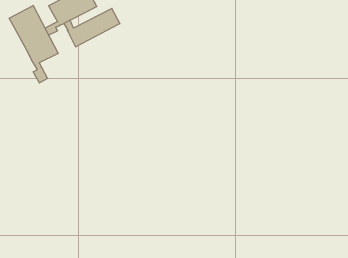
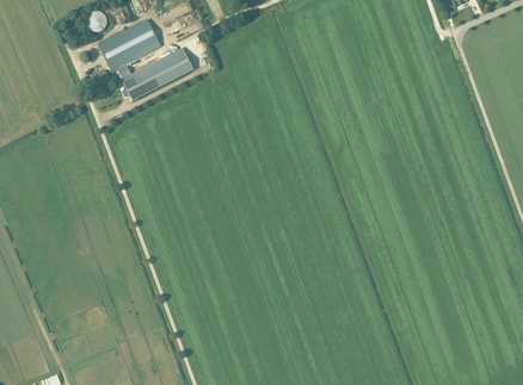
building: [9,5,58,83] -> none

